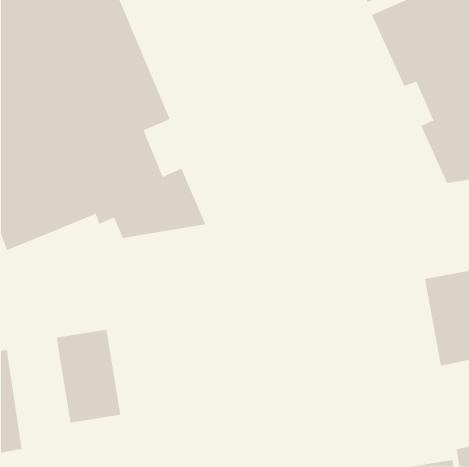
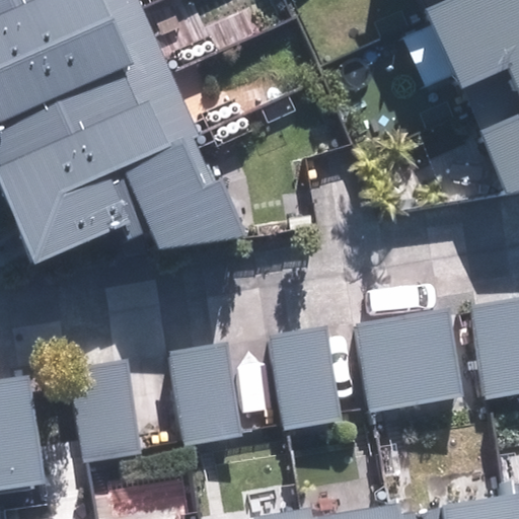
building: none -> [356,306,459,409]
building: none -> [270,322,342,431]
building: none -> [167,338,240,445]

